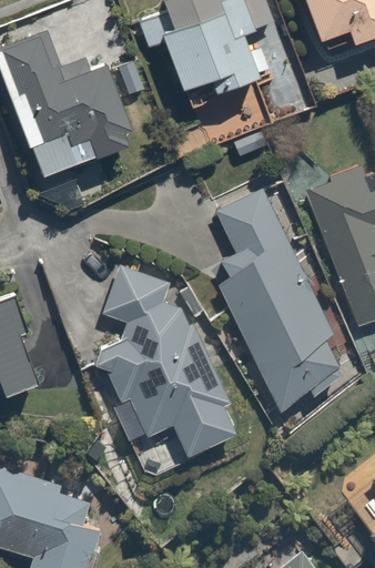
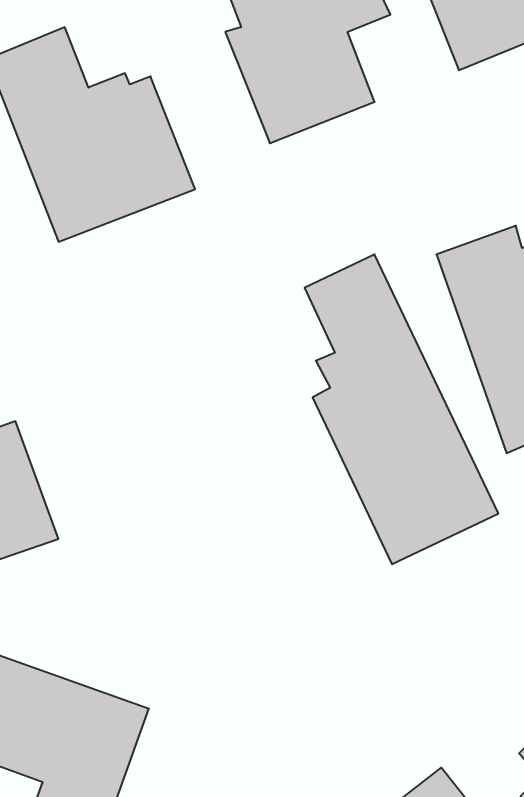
building: [95,268,234,456] -> none

